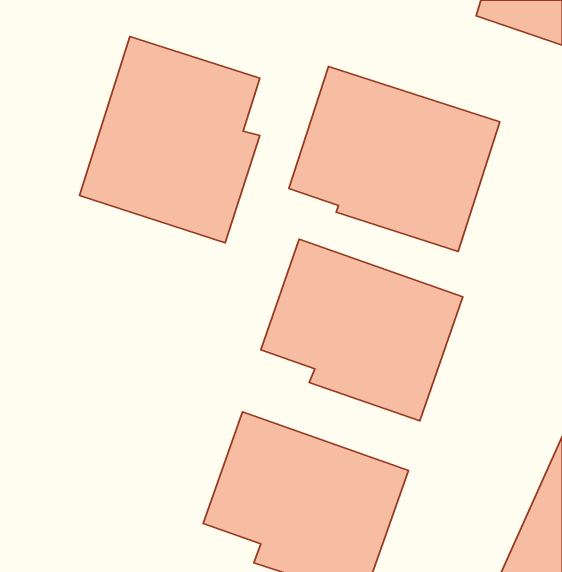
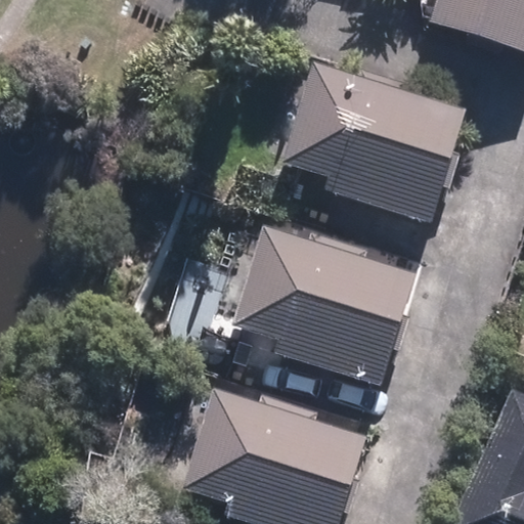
building: [79,36,260,243] -> none

